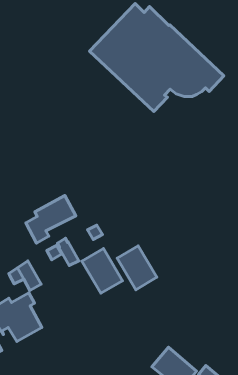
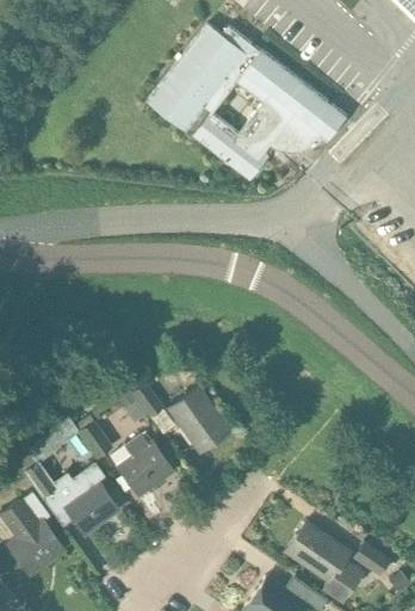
building: [26,196,76,243] -> none
building: [117,246,157,290] -> none
building: none -> [111,432,174,496]

